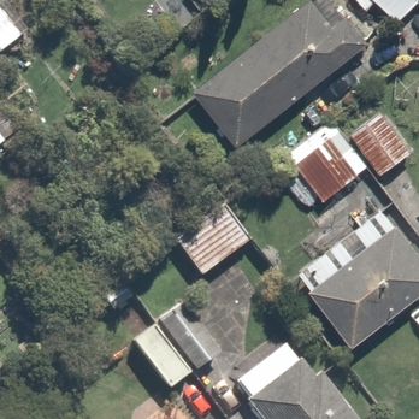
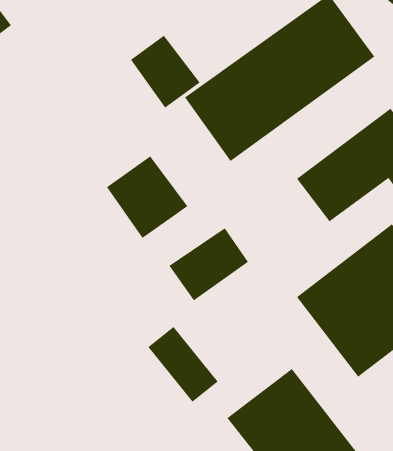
building: none -> [130,35,200,109]
building: none -> [106,156,188,239]
building: [129,320,196,391] -> none

